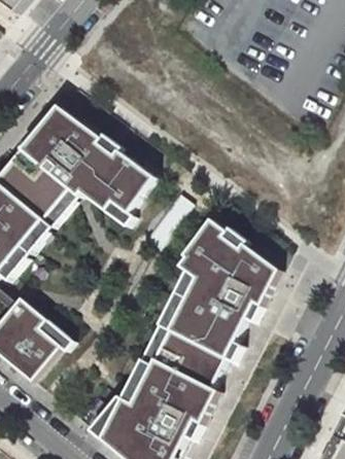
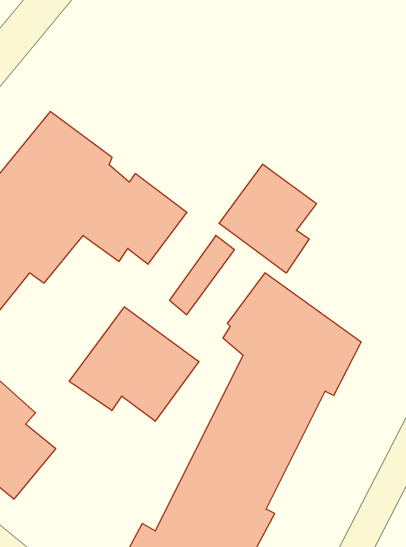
building: none -> [219,164,316,273]
building: none -> [69,307,199,421]

